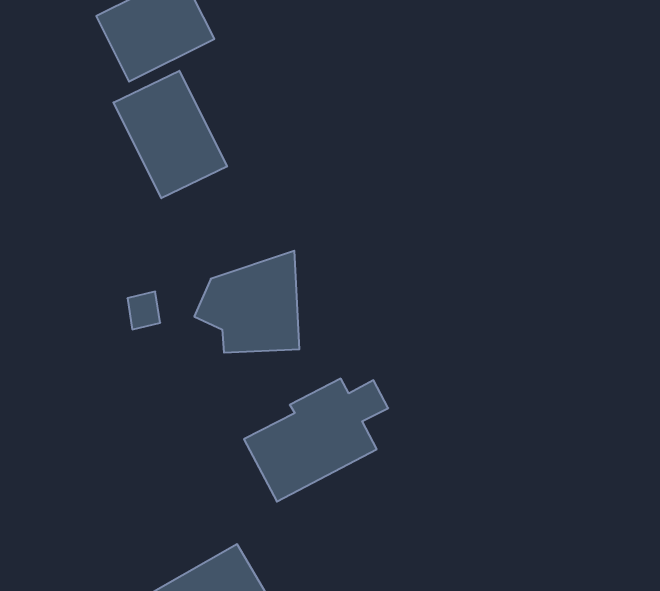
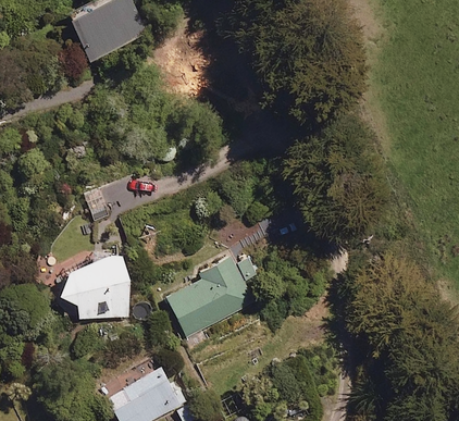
building: [113,71,227,198] -> none
building: [194,251,299,353] -> [59,251,128,319]

